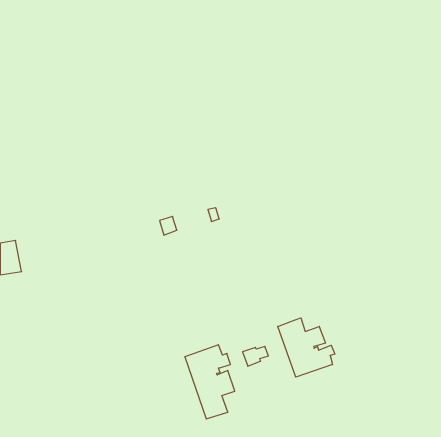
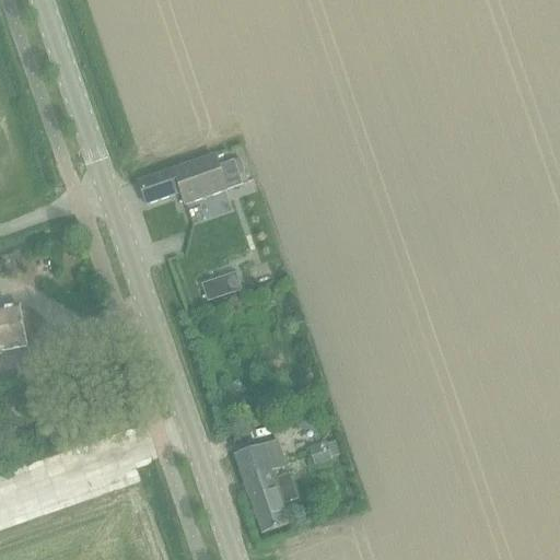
building: none -> [138,153,250,202]
building: [278,318,335,377] -> none

